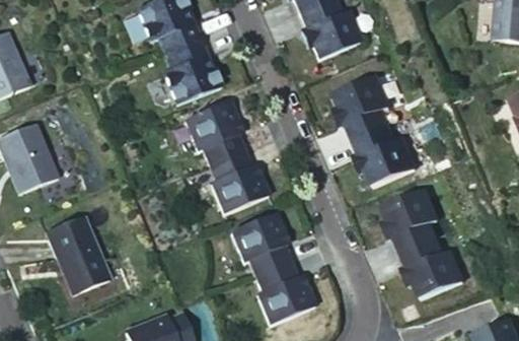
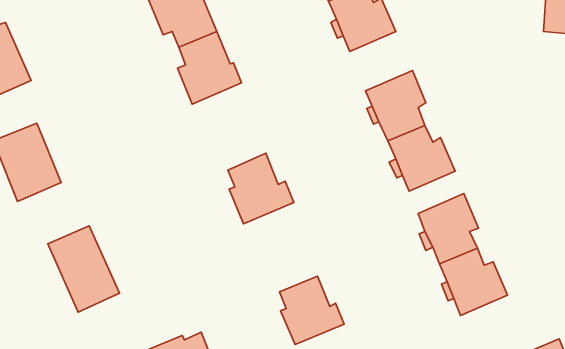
building: [183,100,243,164] -> none
building: [230,211,290,275] -> none

